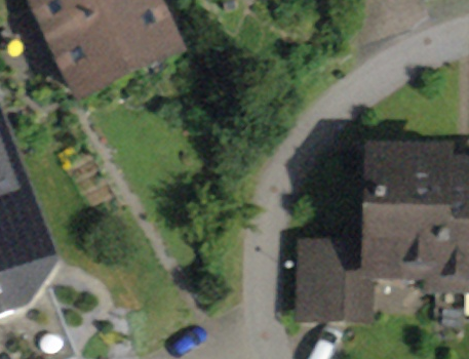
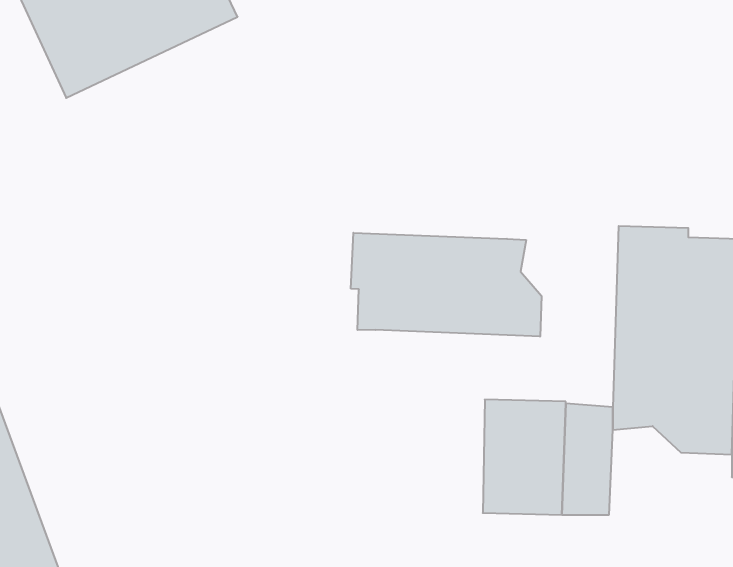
building: none -> [351,233,541,337]

